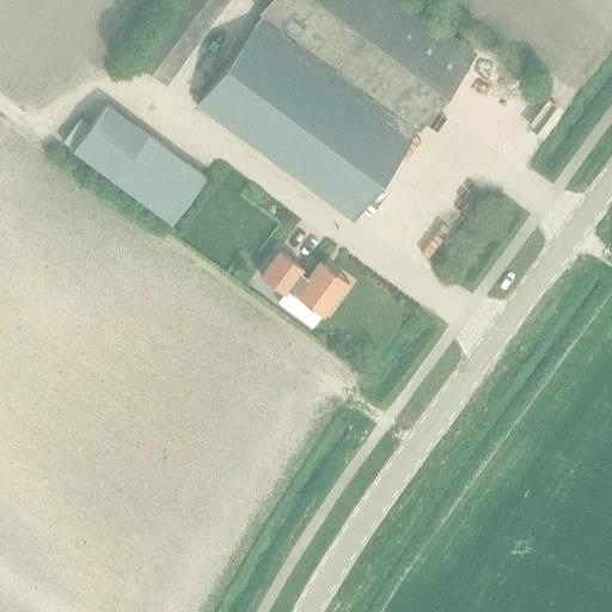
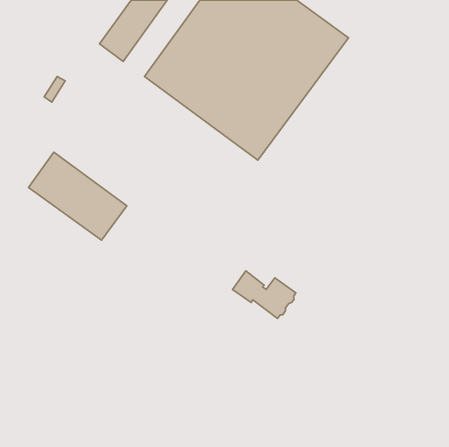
building: [74,106,208,226] -> [28,152,127,240]
building: [263,253,349,318] -> [233,271,296,318]

